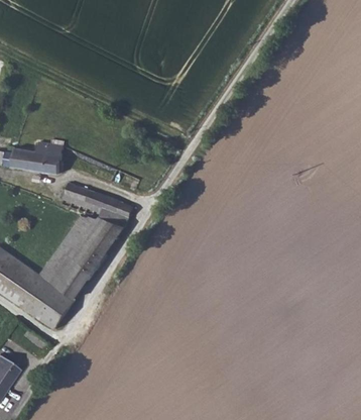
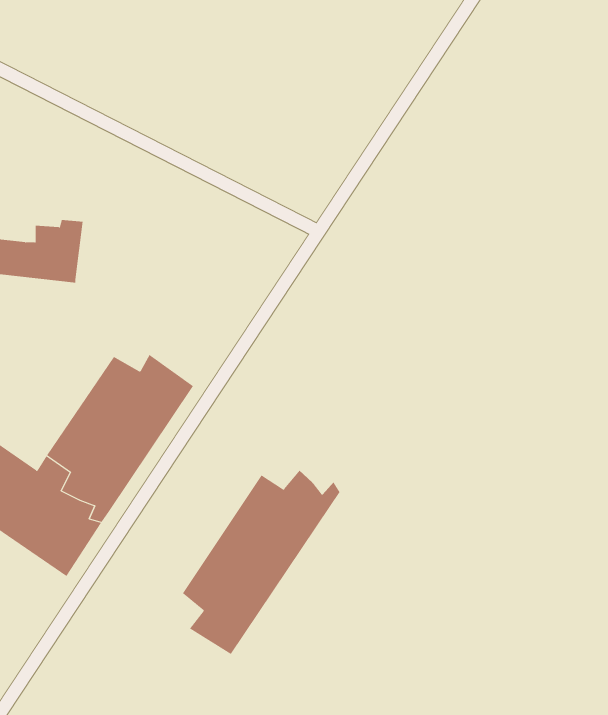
building: [67,185,131,229] -> none
building: none -> [182,470,340,655]

